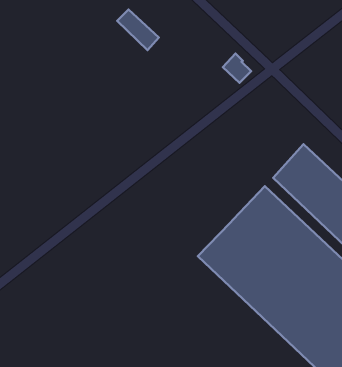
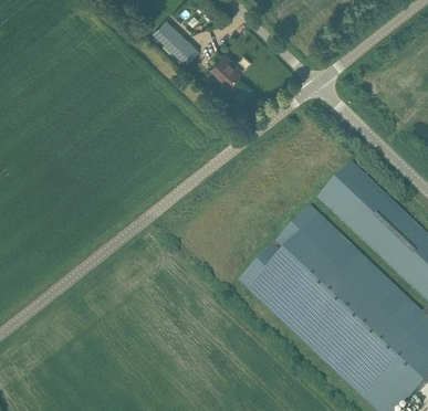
building: [223,54,251,83] -> [211,52,241,83]

